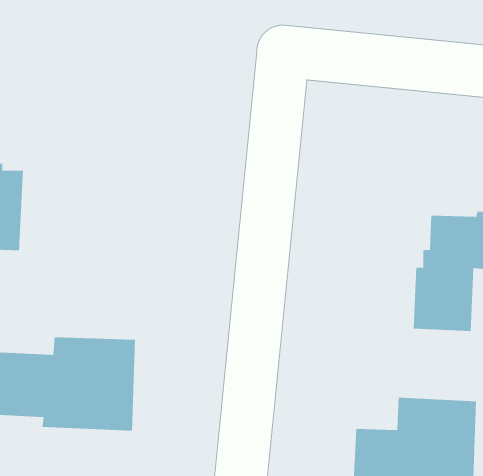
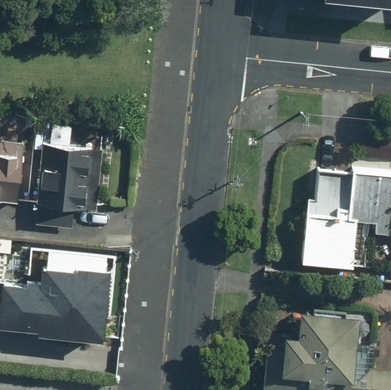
building: none -> [38,143,91,228]

